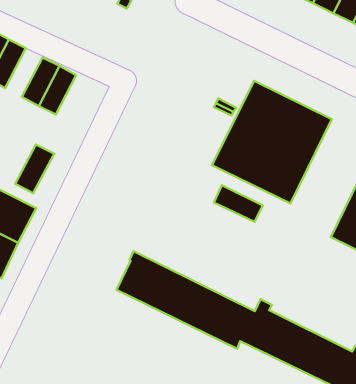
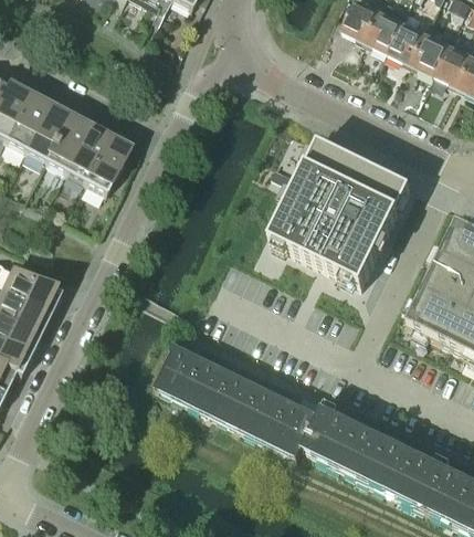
building: none -> [23,103,67,160]
building: [15,144,55,193] -> [83,135,129,192]
building: [214,185,263,222] -> none

